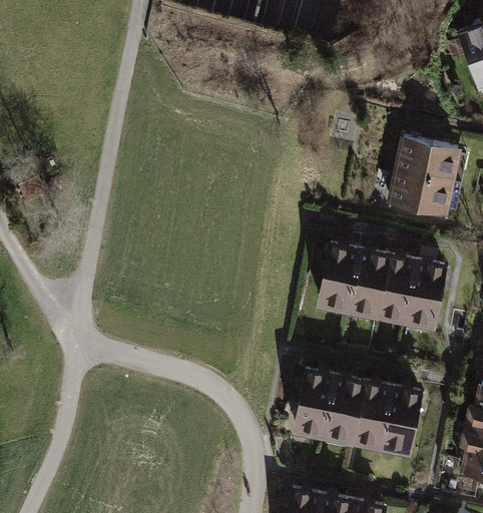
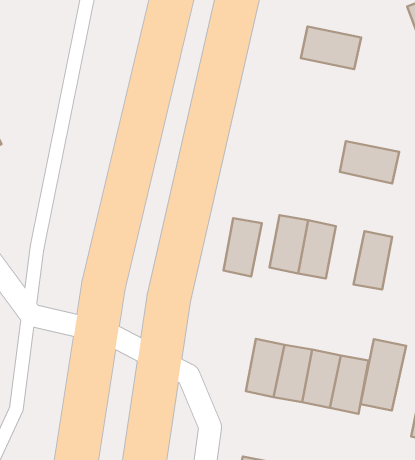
building: [398,141,459,184] -> [301,27,361,69]
building: [378,260,417,319] -> [223,218,262,276]
building: none -> [360,339,406,411]

